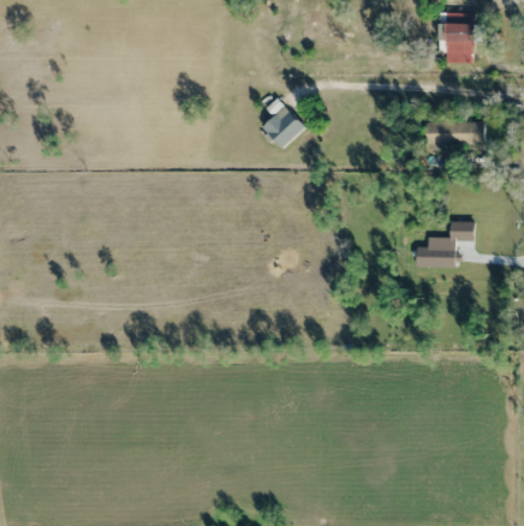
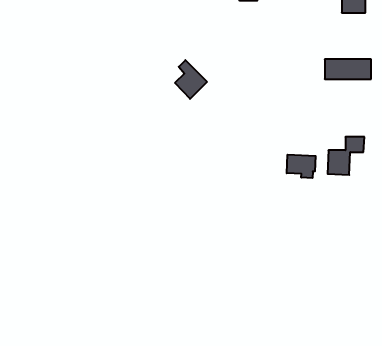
building: [262,98,303,148] -> [175,60,207,99]
building: none -> [287,155,316,178]

